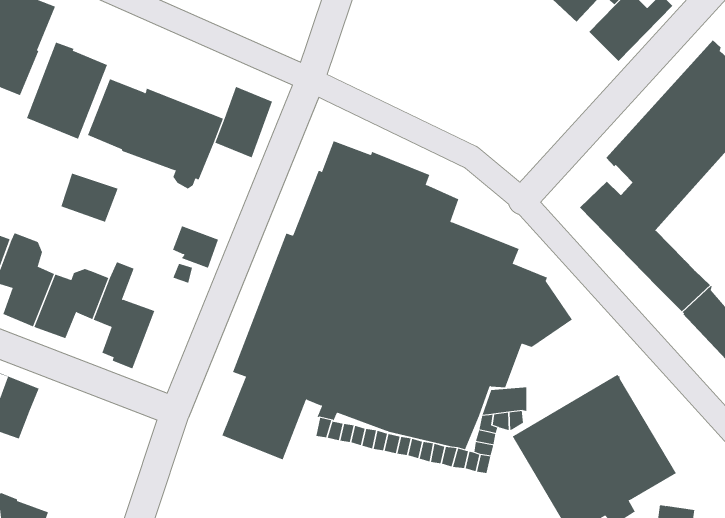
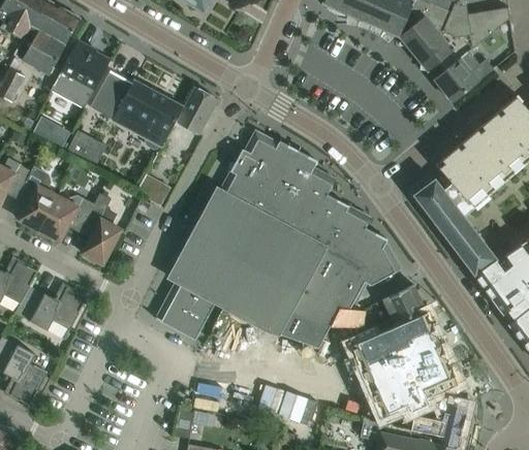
building: none -> [34,118,69,148]
building: none -> [381,284,426,323]
building: none -> [14,283,86,340]

